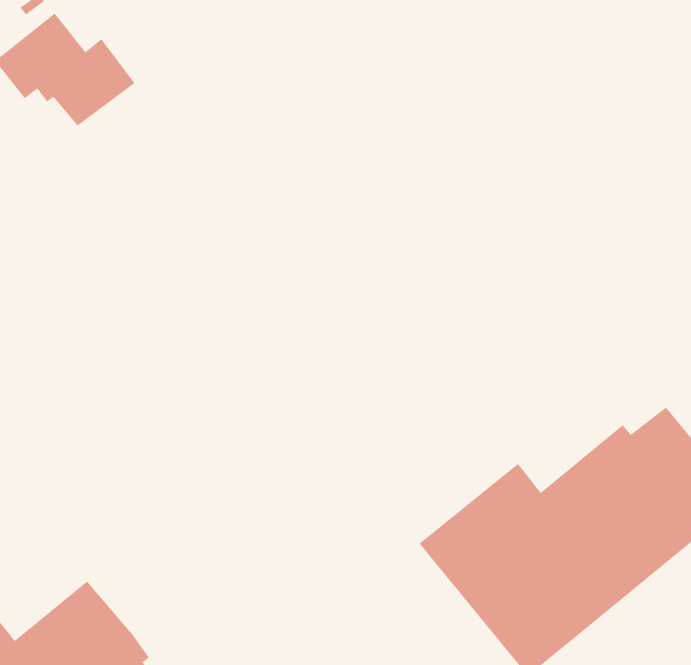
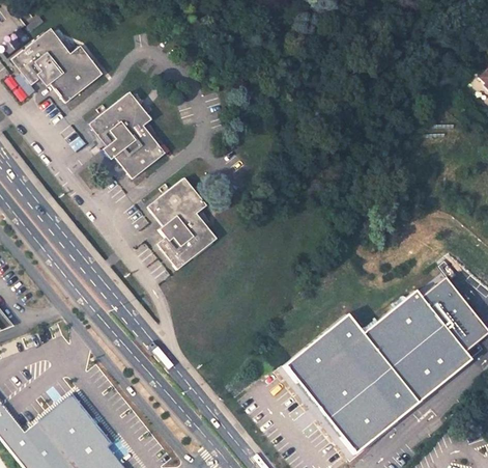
building: none -> [89,91,165,177]
building: none -> [147,176,216,268]

